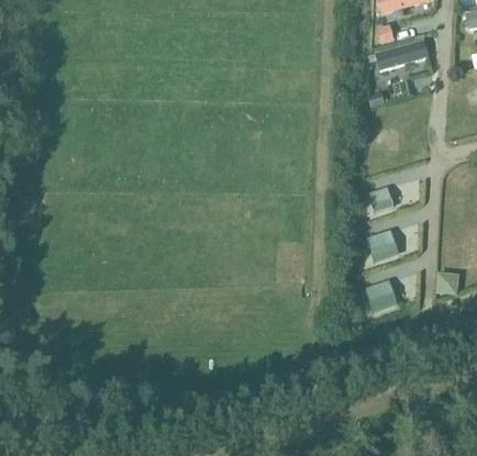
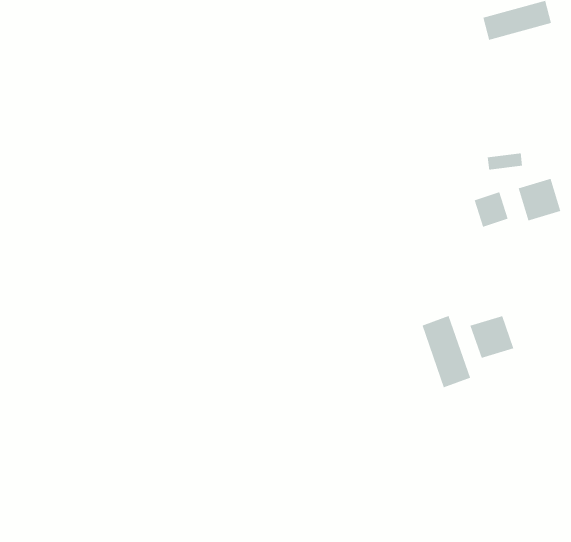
building: [366,230,399,263] -> [518,178,561,221]
building: none -> [422,315,471,388]

